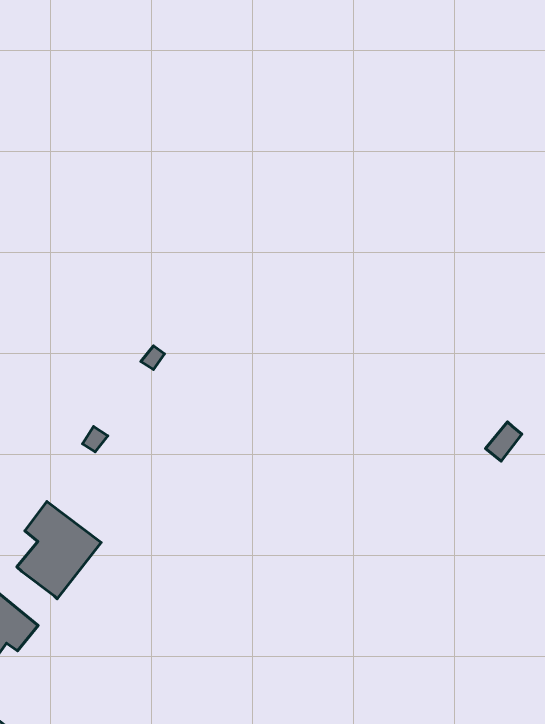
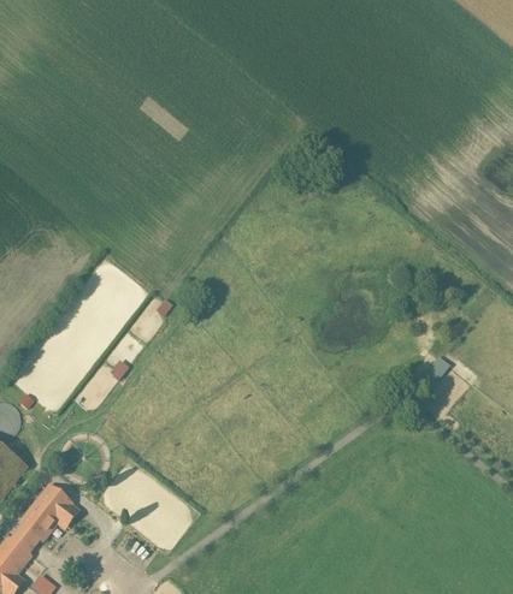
building: [17,502,101,599] -> none

